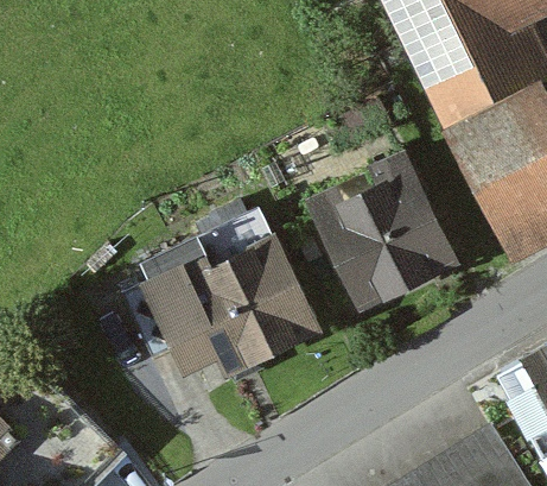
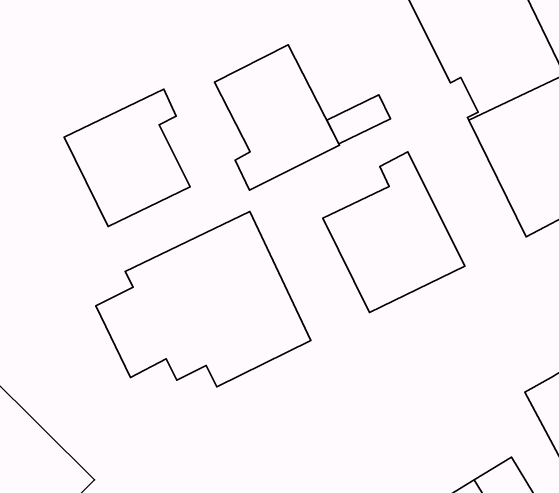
building: none -> [214,45,340,190]
building: none -> [64,89,190,227]

